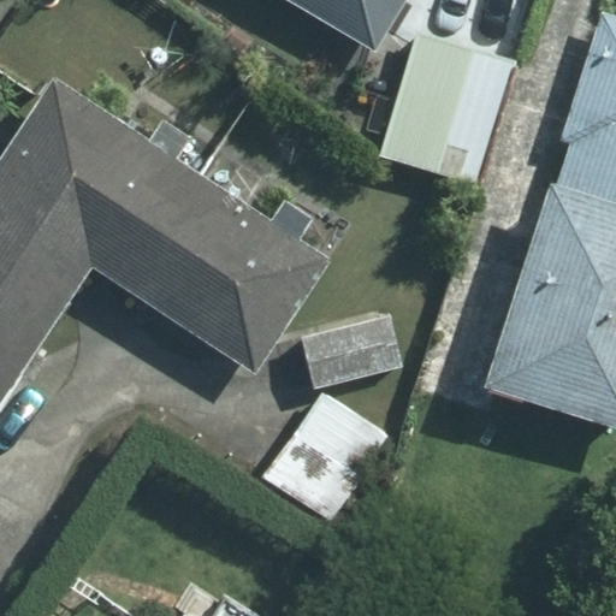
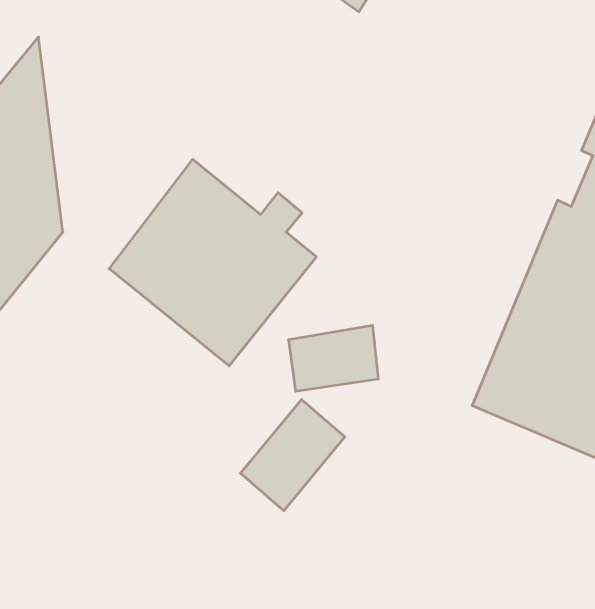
building: [385,30,515,174] -> none
building: [49,81,202,290] -> none

